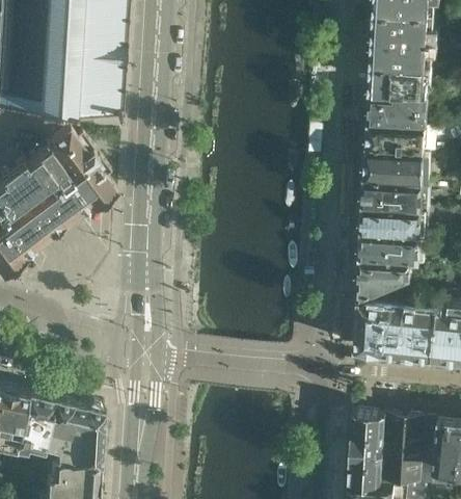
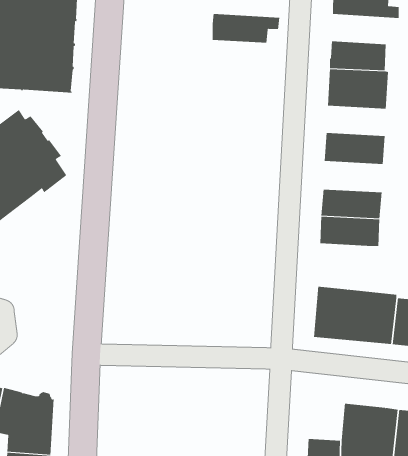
building: [371,34,437,63] -> [212,13,280,43]
building: [365,124,425,153] -> none
building: [362,178,428,209] -> none
building: [356,258,411,299] -> none
building: [348,411,383,450] -> none

